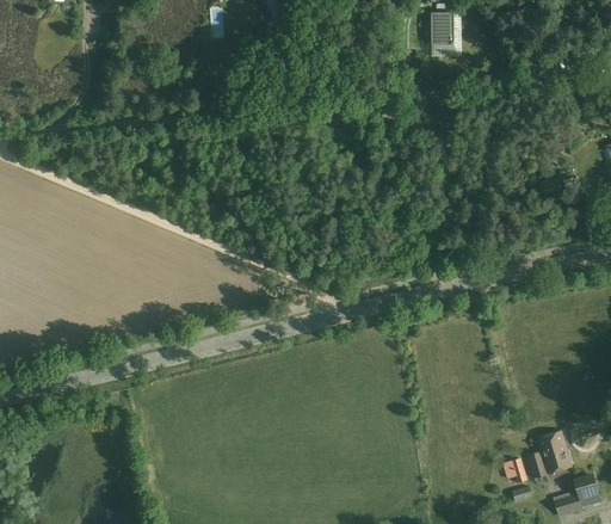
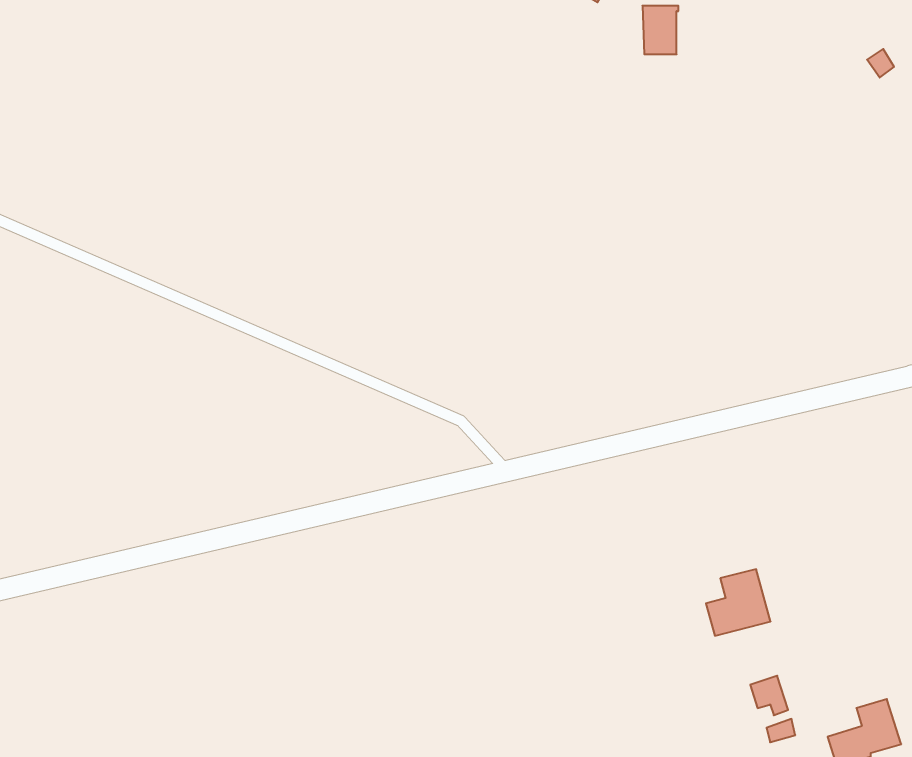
building: [529,432,572,476] -> [706,569,771,636]

